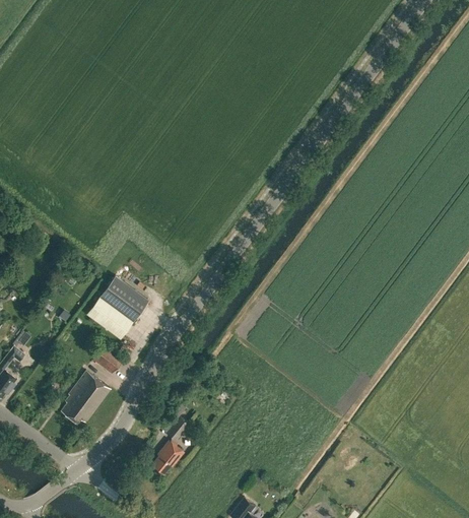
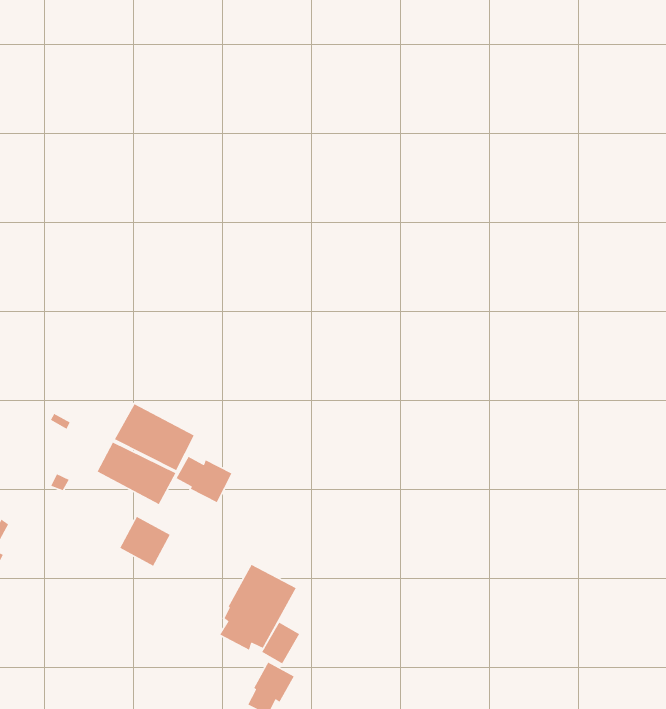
building: none -> [176,456,233,503]
building: [61,372,111,423] -> [219,564,297,651]

